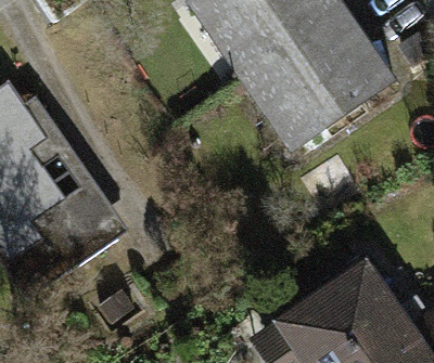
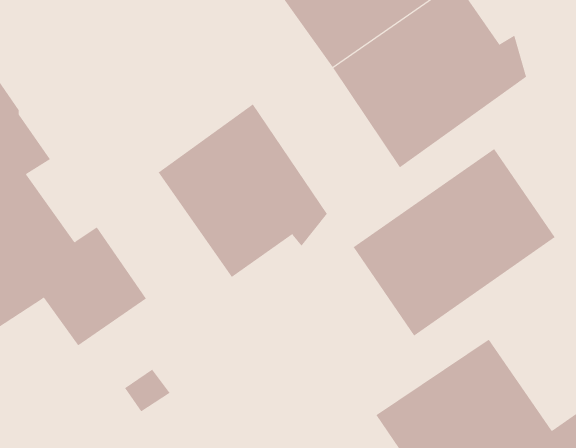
building: none -> [158,104,327,278]
building: none -> [353,148,555,336]

